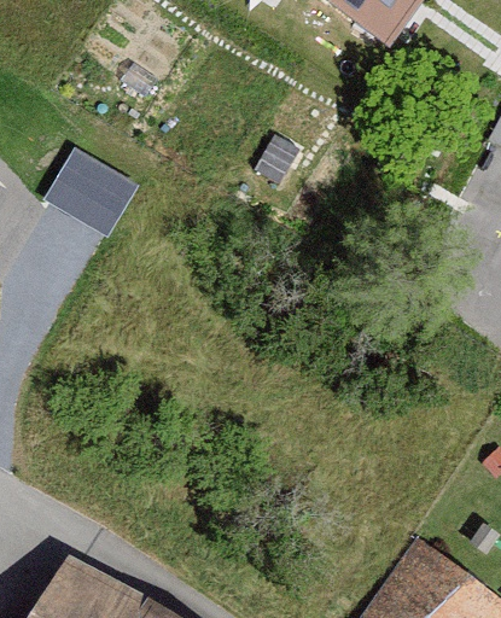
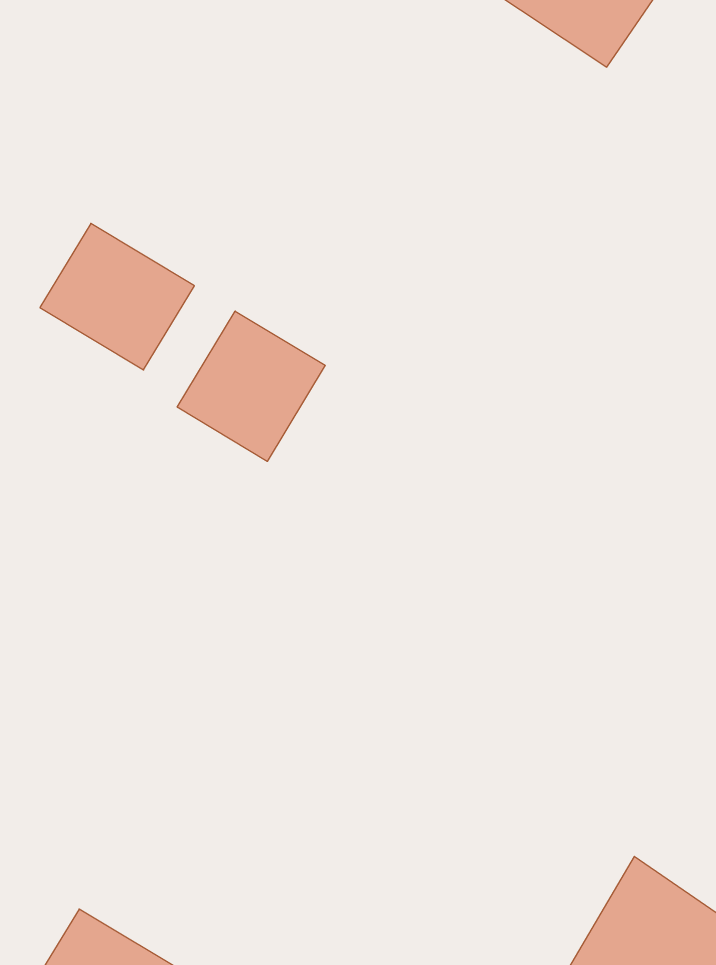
building: none -> [177,311,325,461]

